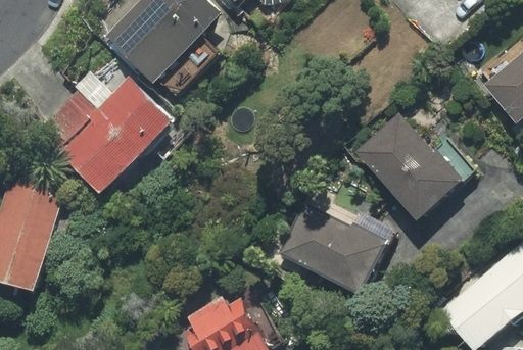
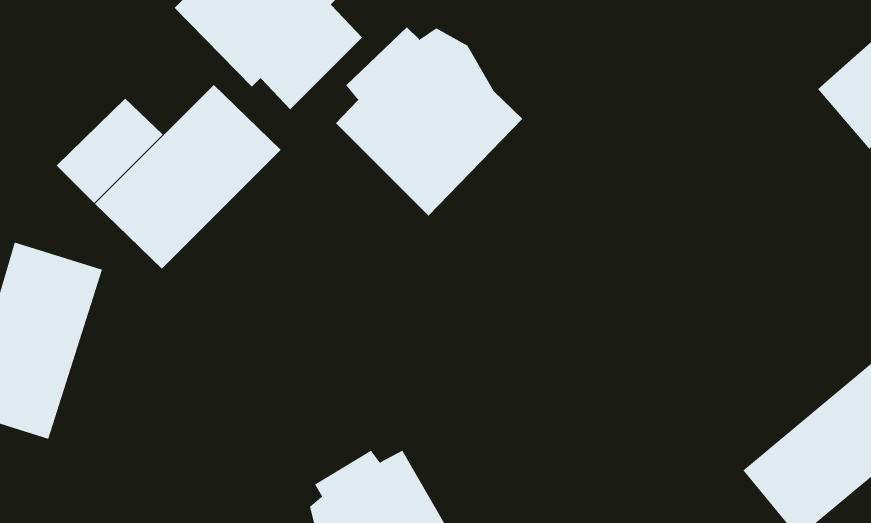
building: none -> [335,26,523,217]
building: [356,114,473,219] -> none
building: [280,204,390,293] -> none

